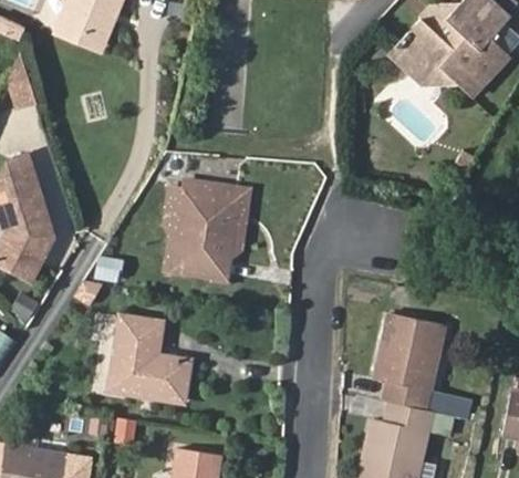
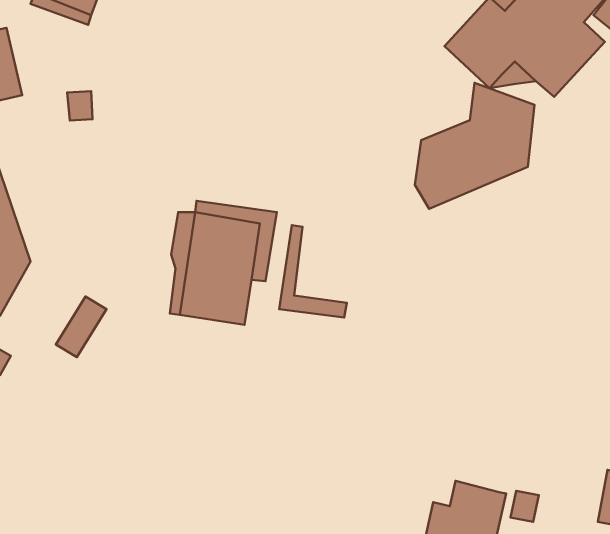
building: none -> [415,83,534,209]
building: none -> [279,225,347,317]
building: [377,313,445,412] -> none
building: [112,318,189,401] -> none

